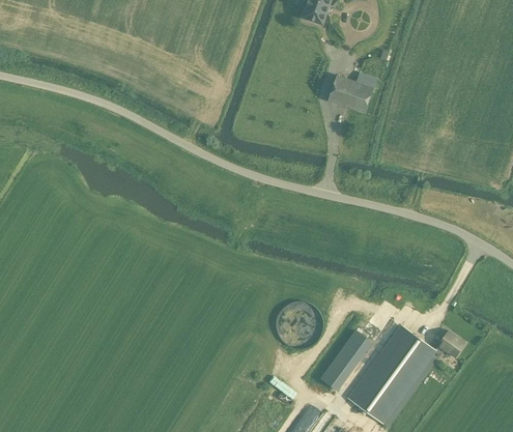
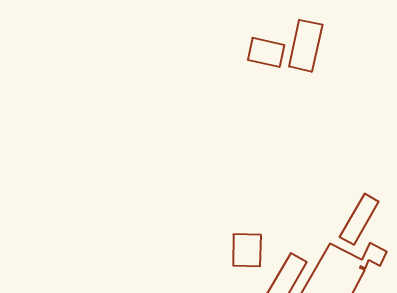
building: none -> [289,20,323,72]
building: none -> [340,193,379,245]

